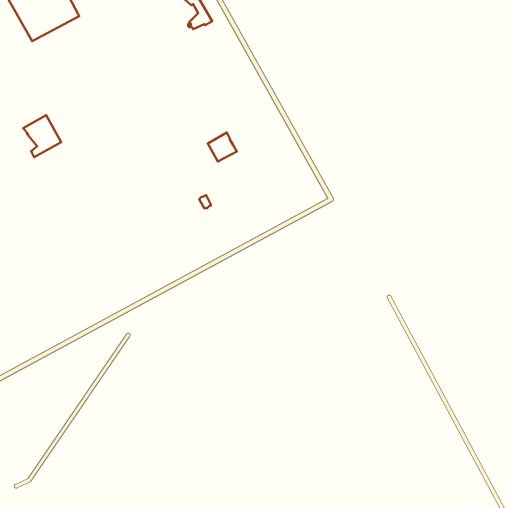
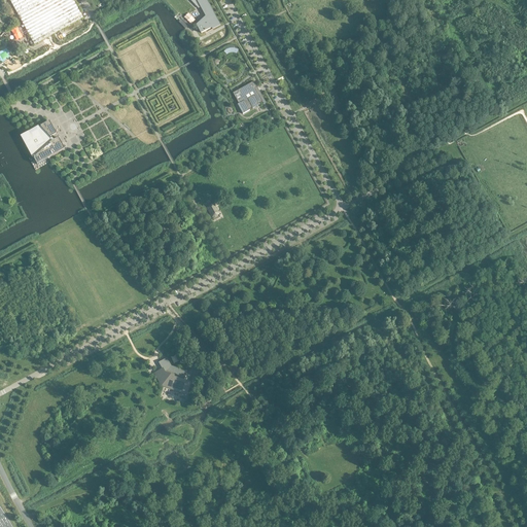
building: [208,132,237,161] -> [231,79,260,109]
building: none -> [153,355,188,390]

